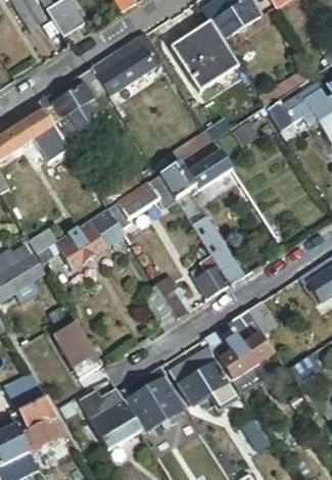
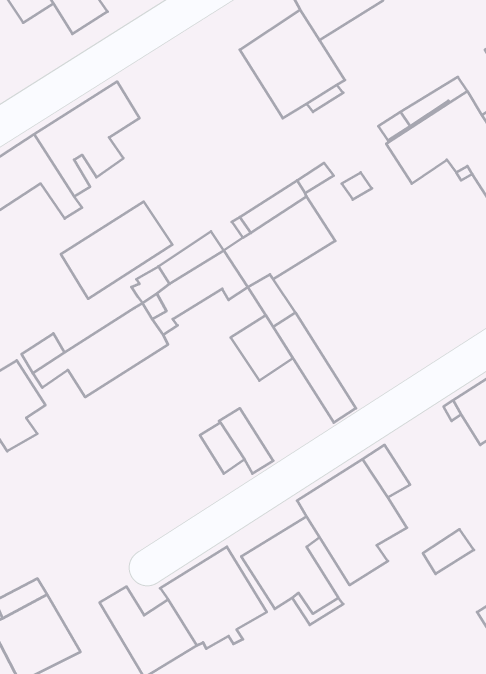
building: [91,34,162,96] -> [61,202,172,299]
building: [190,258,230,300] -> [231,315,293,381]
building: [53,322,101,378] -> none

